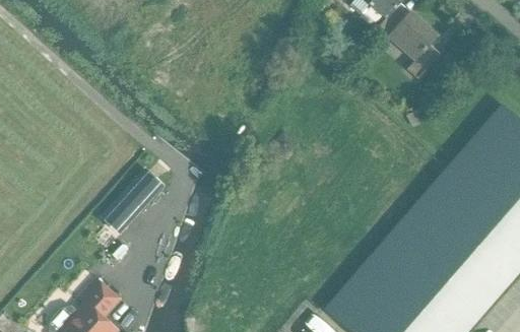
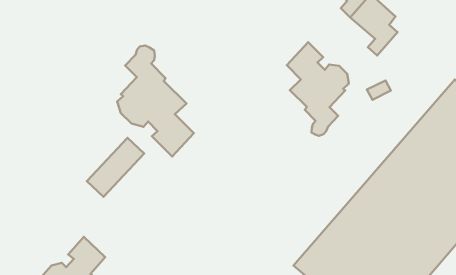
building: none -> [287,42,349,136]
building: none -> [117,45,194,156]

